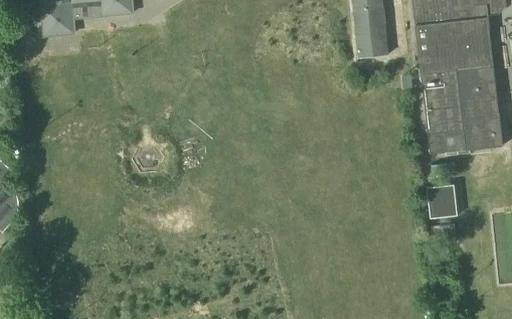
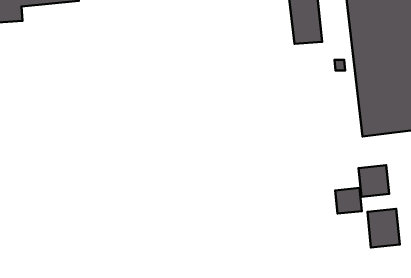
building: none -> [335,188,362,213]
building: none -> [367,209,400,247]

